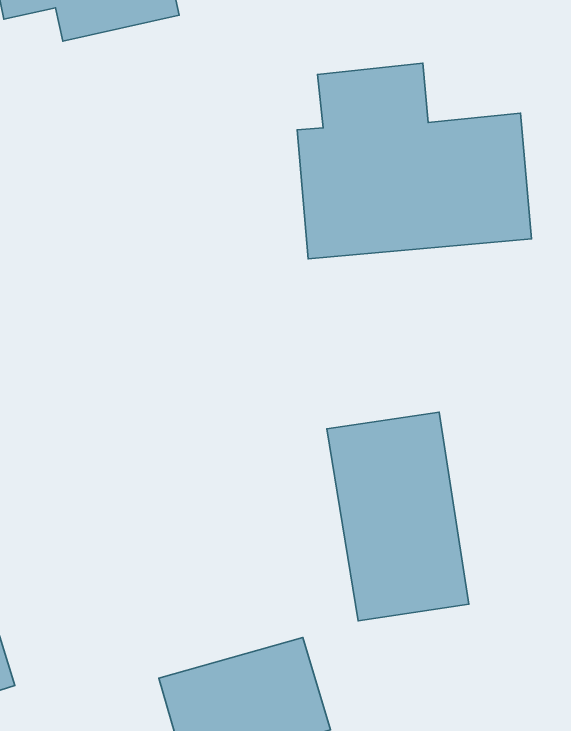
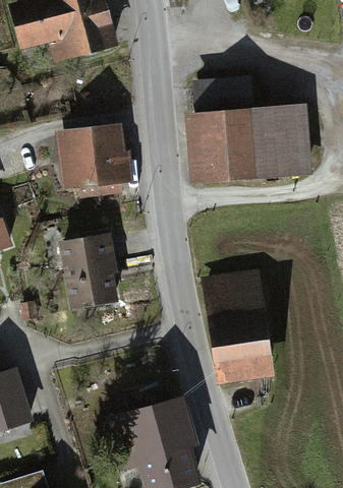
building: none -> [57,125,134,197]
building: none -> [57,235,120,308]

